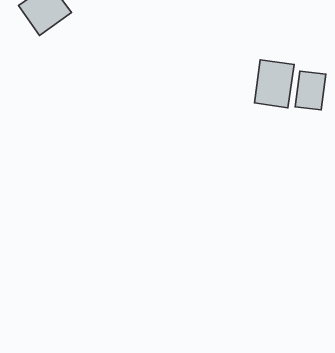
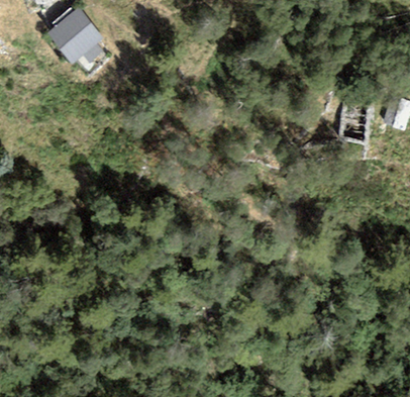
building: [255,60,294,108] -> none

